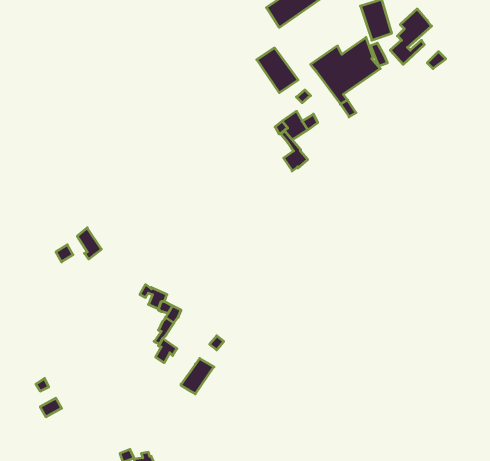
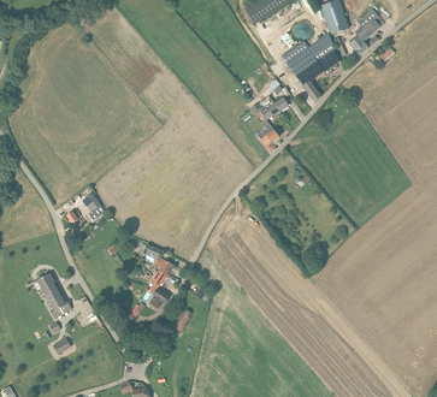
building: [257,48,298,93] -> none
building: none -> [33,273,70,318]

